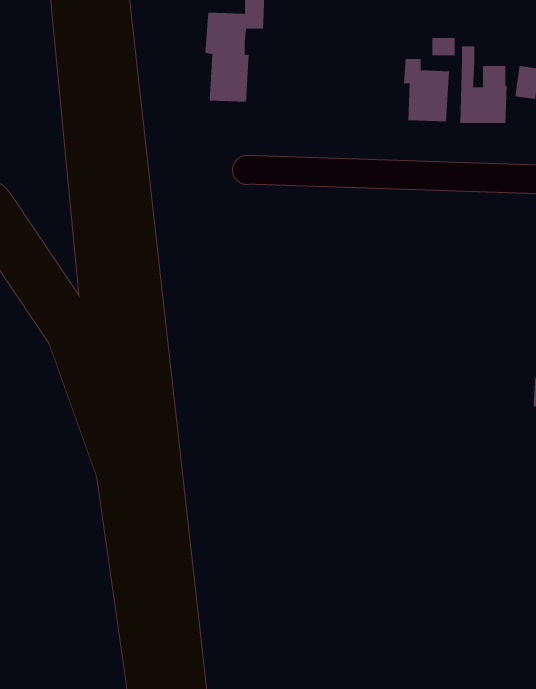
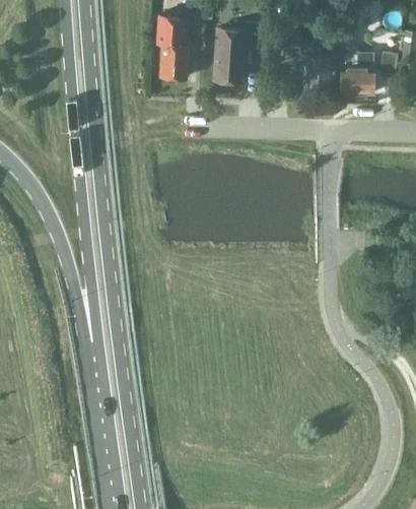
building: none -> [214,22,260,82]

